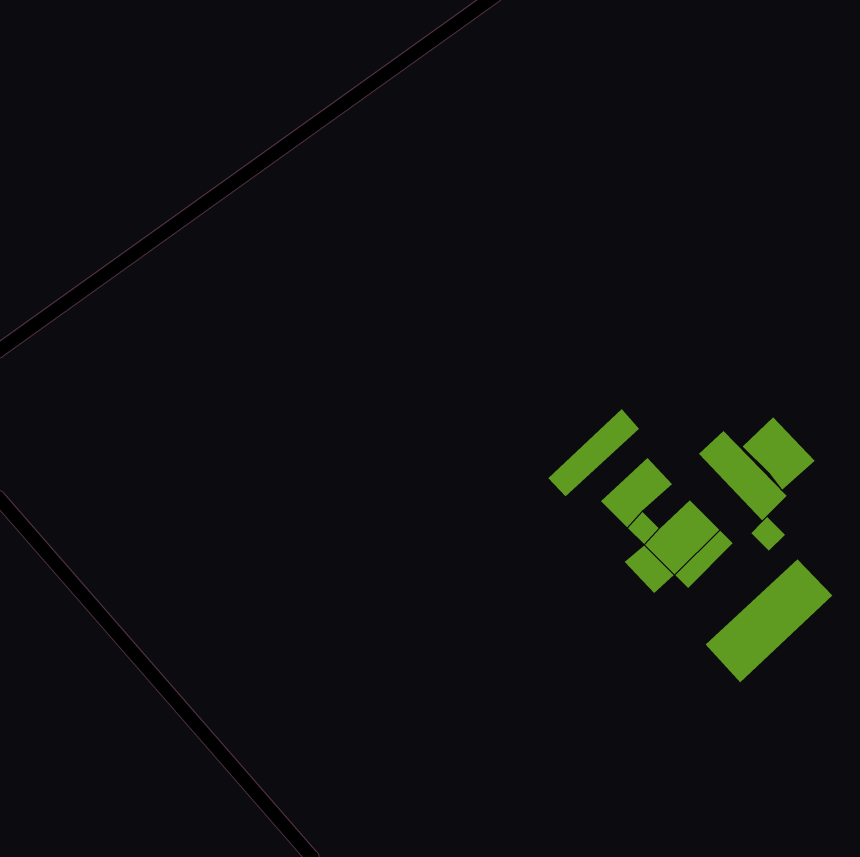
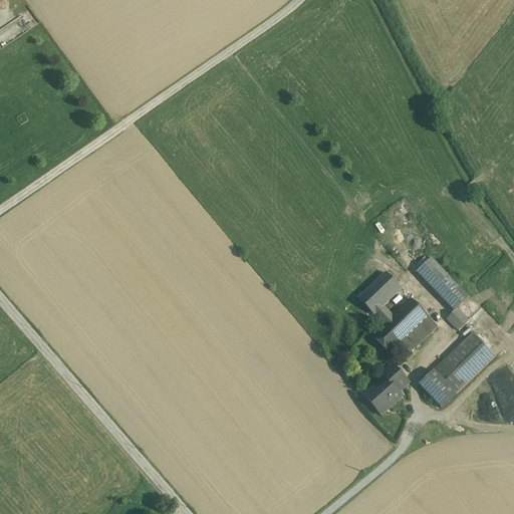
building: [547,408,640,497] -> none
building: [742,417,815,491] -> none
building: none -> [364,363,409,414]

